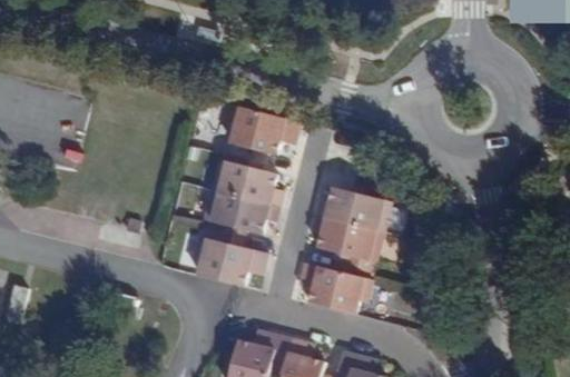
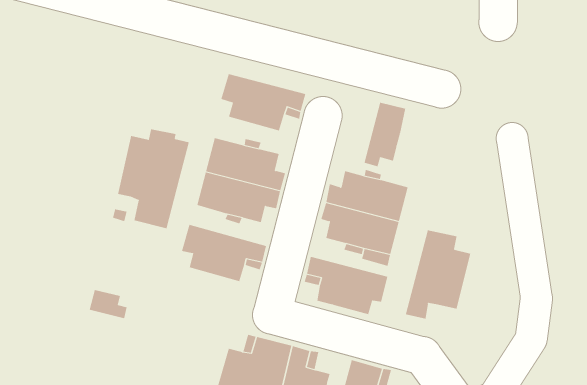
building: none -> [364,102,406,167]
building: none -> [117,128,189,229]
building: none -> [405,229,471,320]

